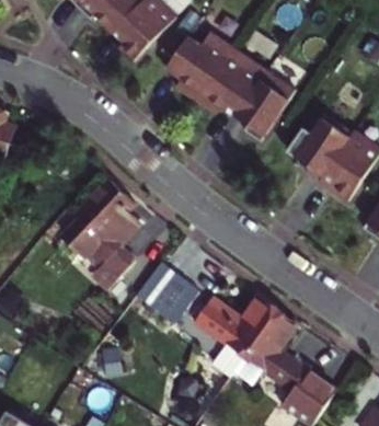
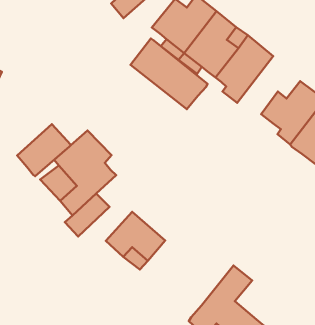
building: none -> [131,39,207,109]
building: none -> [17,124,71,176]
building: [190,299,272,357] -> none

